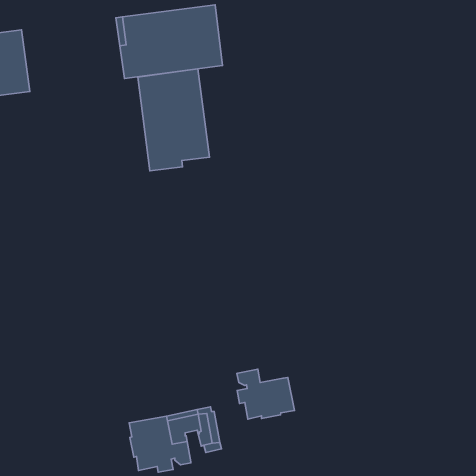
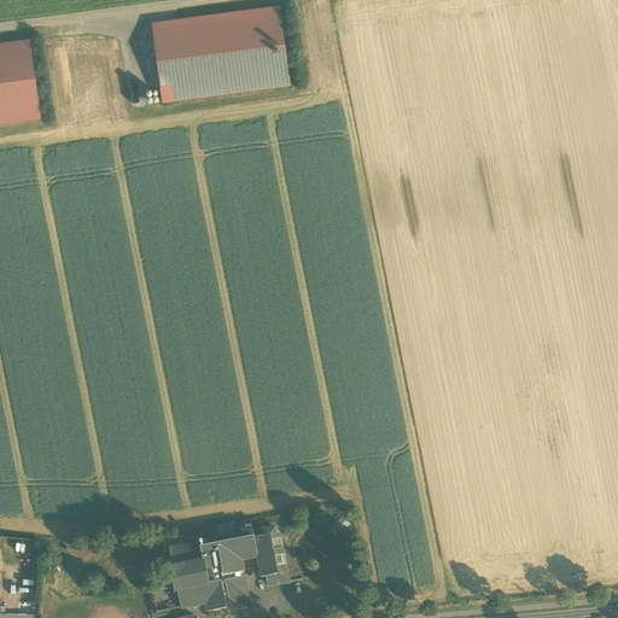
building: [138,69,210,171] -> none
building: [237,369,295,419] -> none

